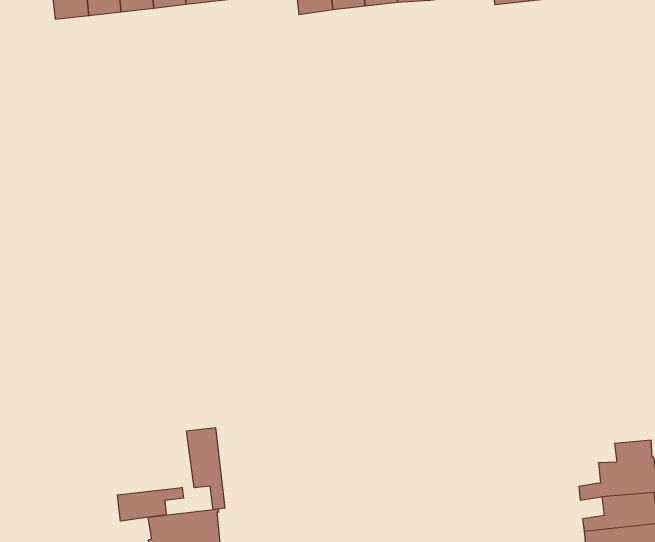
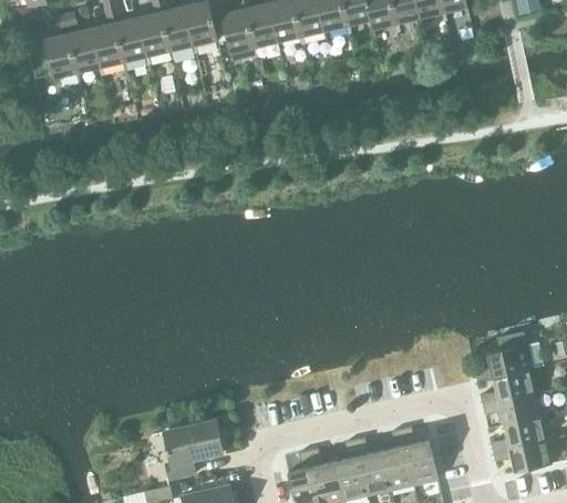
building: [187,428,225,510] -> none
building: [117,487,184,521] -> none

